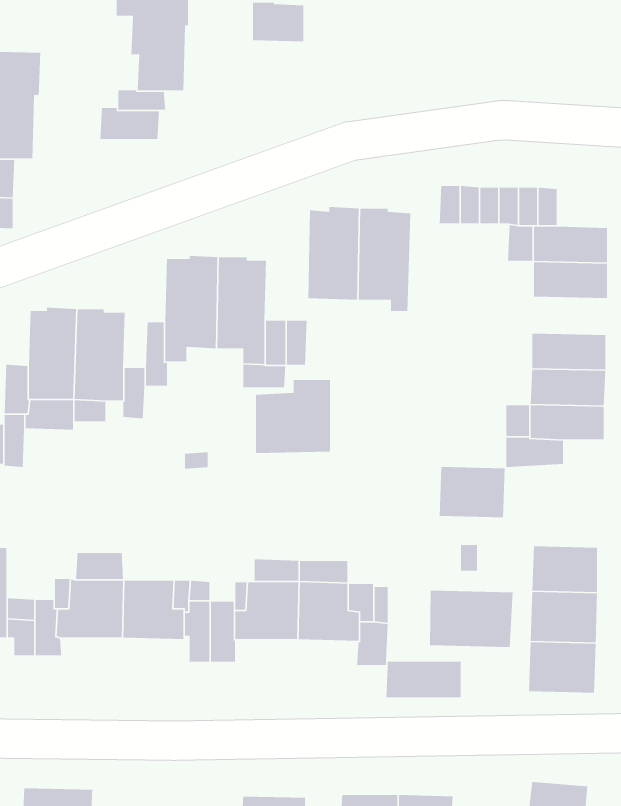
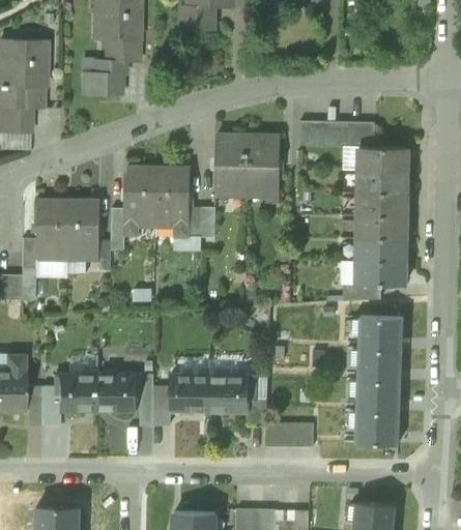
building: none -> [358,193,407,216]
building: [255,379,331,454] -> none
building: [439,466,505,518] -> [359,319,402,352]
building: [429,590,513,648] -> none

